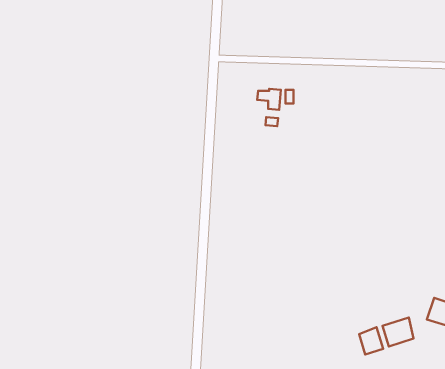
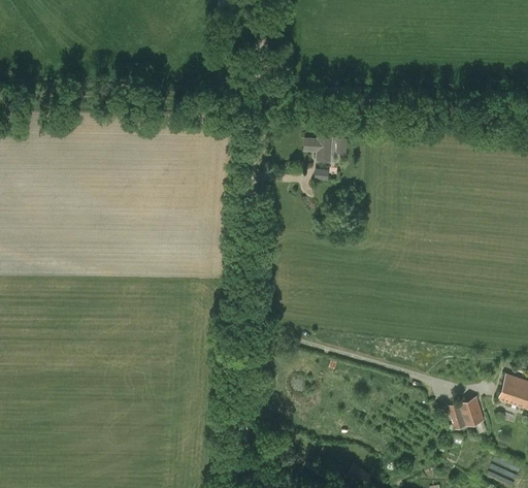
building: [359,327,383,354] -> none

